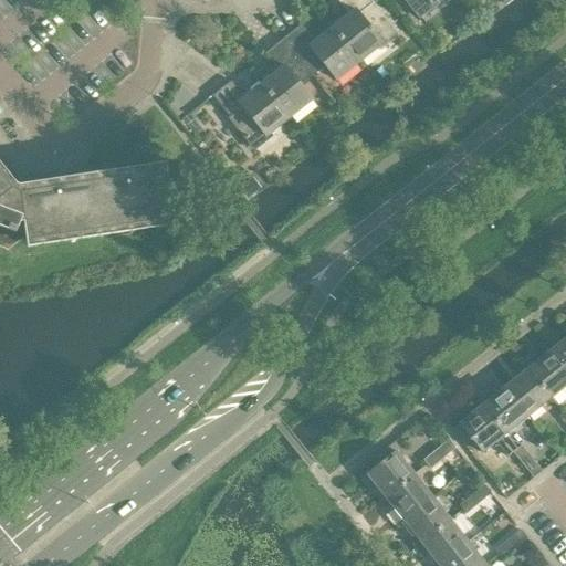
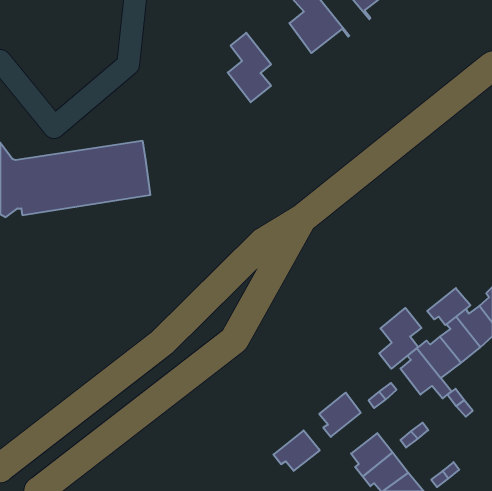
building: [283,23,358,80] -> none
building: [212,80,289,154] -> none
building: none -> [427,288,470,325]
building: none -> [379,308,421,369]
building: [380,473,433,520] -> [273,430,320,471]

